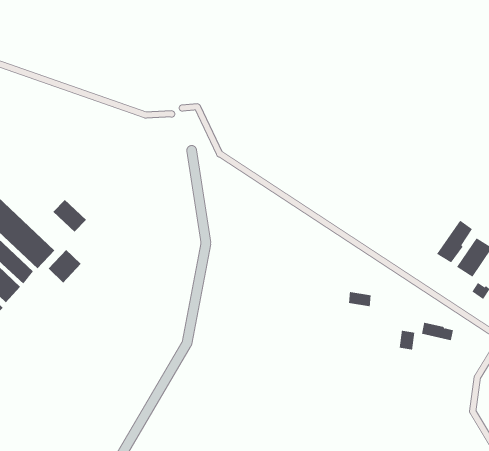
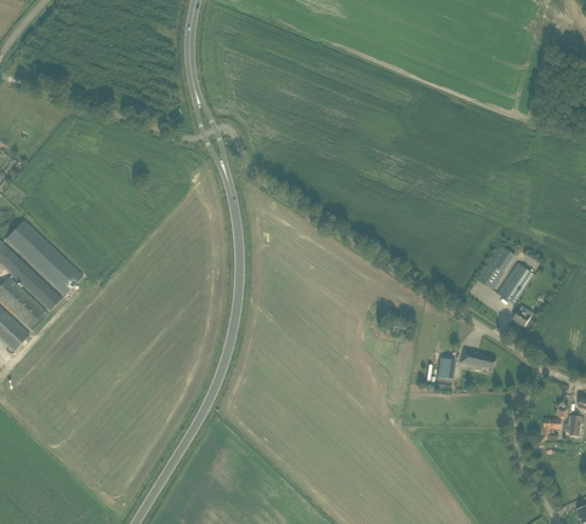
building: [53,199,87,232] -> none
building: [48,249,82,283] -> none

